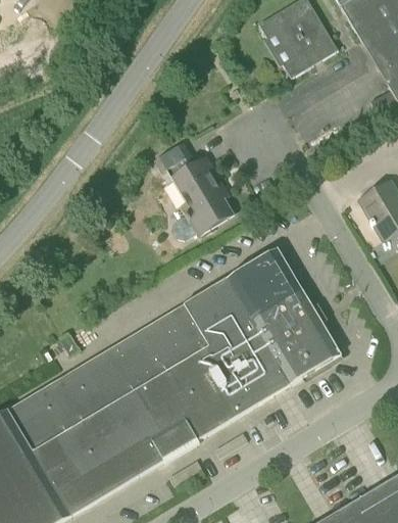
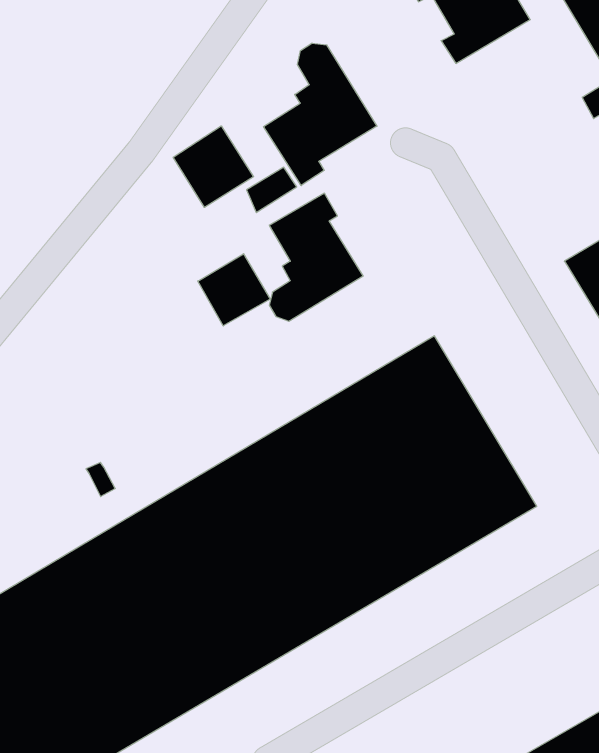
building: none -> [264,43,377,186]
building: none -> [173,126,254,207]
building: none -> [198,254,270,326]

